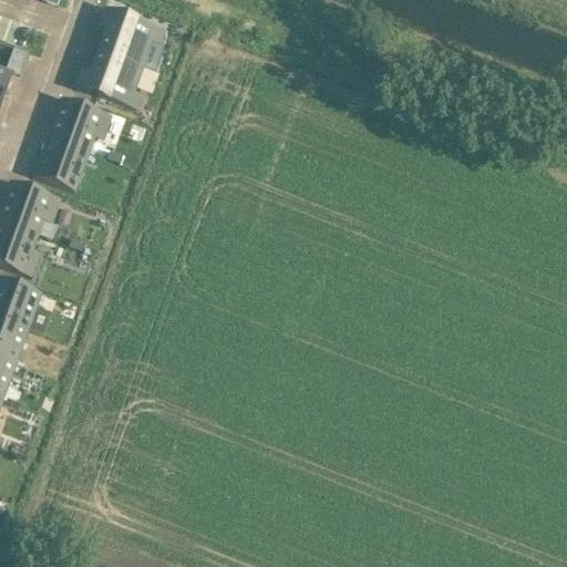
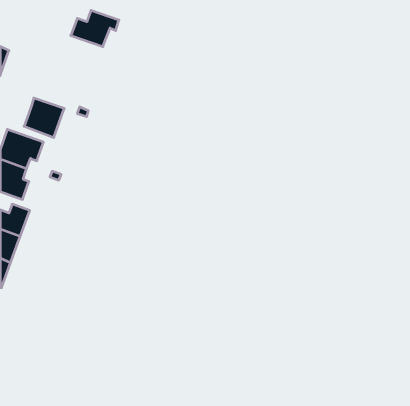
building: [91,49,143,107] -> none
building: [48,95,112,150] -> none

